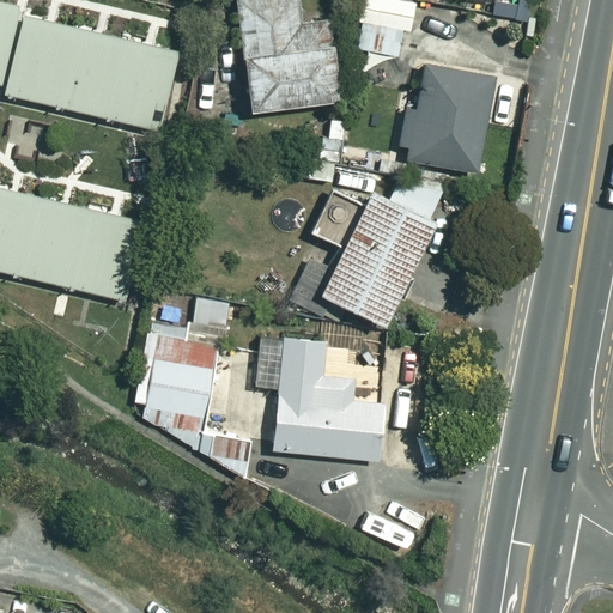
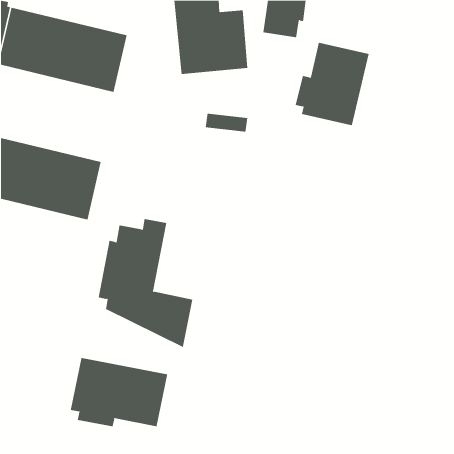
building: [310,166,448,322] -> none
building: [256,333,384,461] -> none
building: none -> [70,357,168,427]

